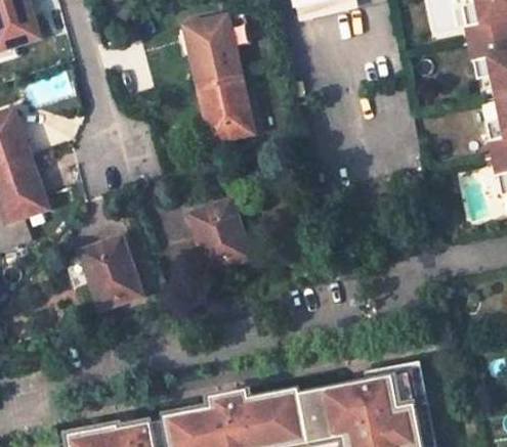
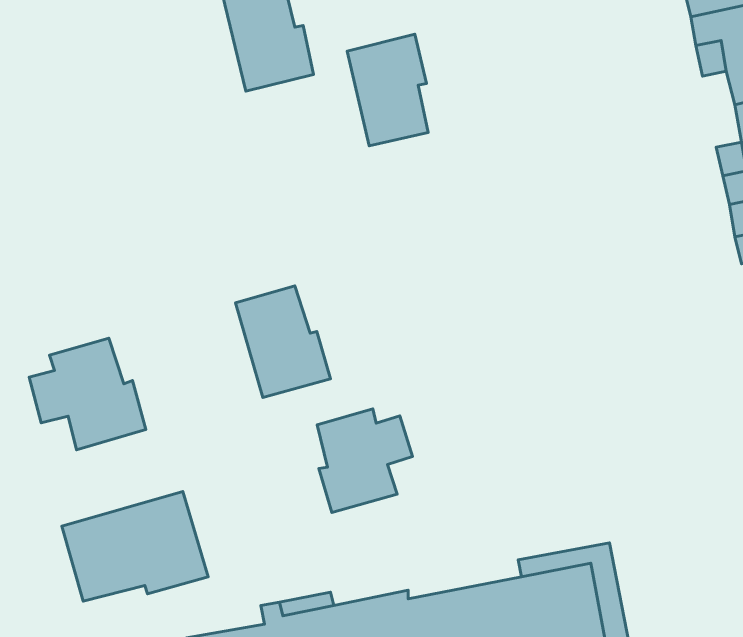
building: [201,79,250,146] -> [347,34,428,146]
building: none -> [317,409,412,512]
building: none -> [62,492,208,601]

